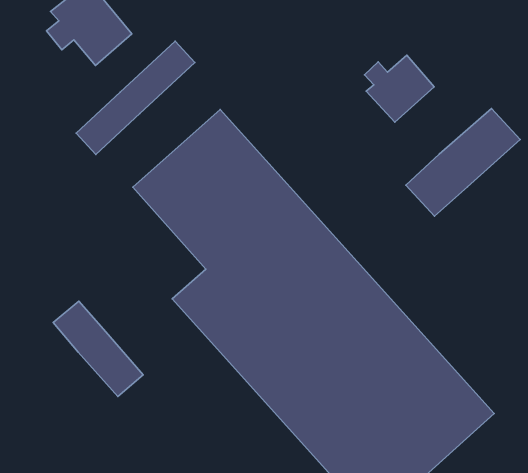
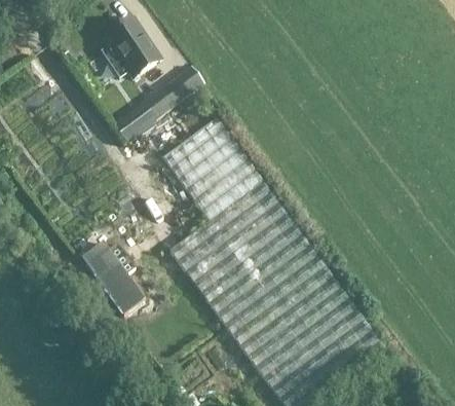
building: [365,55,434,122] -> none
building: [406,109,520,216] -> none

